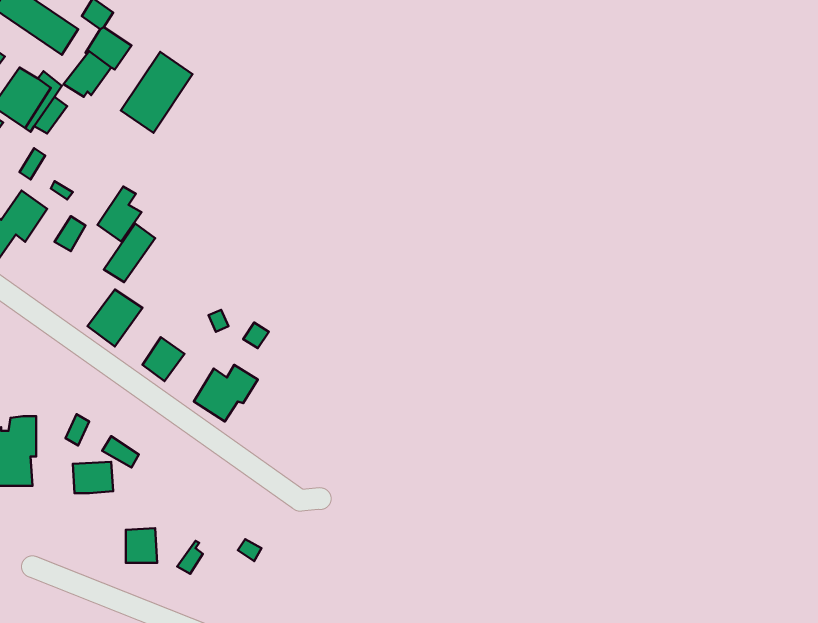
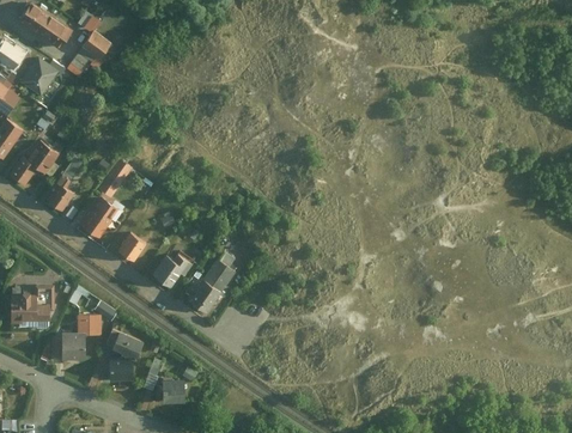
building: [121,52,192,133] -> none
building: [97,186,141,241] -> [48,176,77,212]
building: none -> [188,258,236,315]
building: none -> [112,330,145,359]
building: none -> [61,335,84,359]
building: none -> [159,378,184,404]

